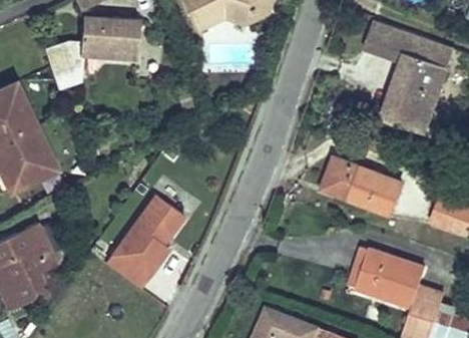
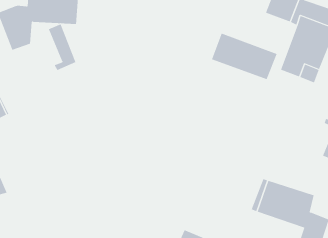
building: none -> [48,24,76,71]
building: [322,157,401,214] -> [211,33,277,80]
building: [106,194,185,287] -> none

